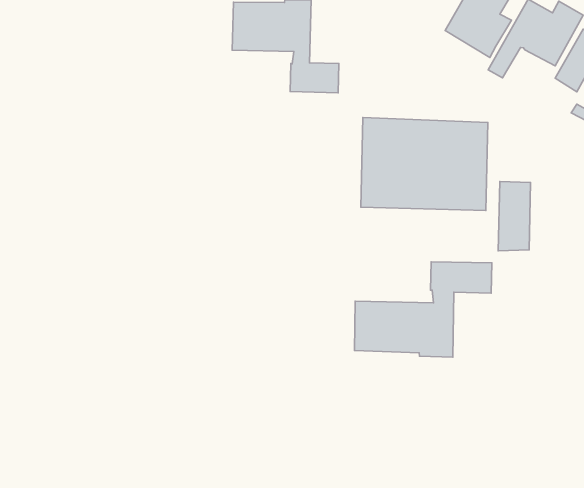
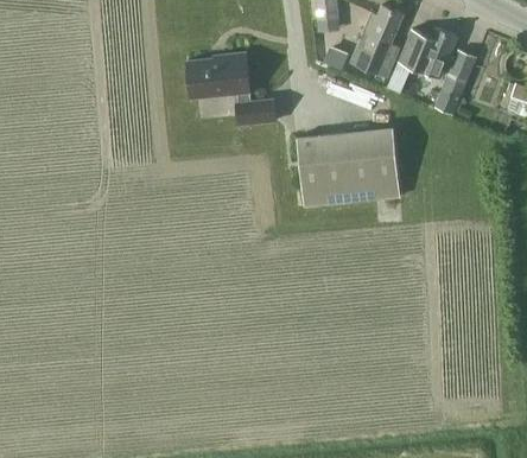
building: [498,182,530,251] -> none
building: [355,262,492,357] -> none

